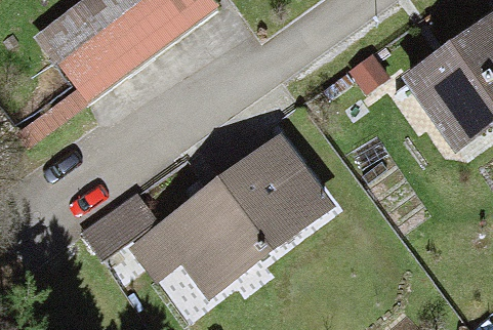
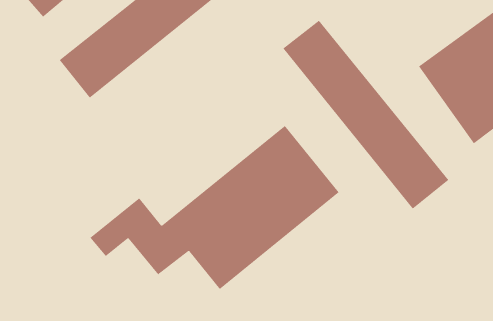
building: none -> [283,20,449,210]

